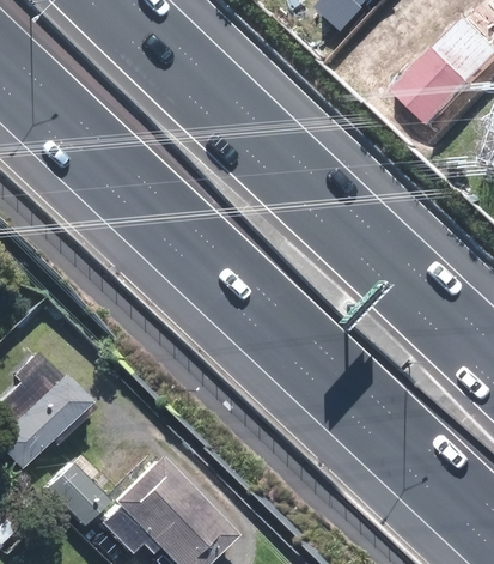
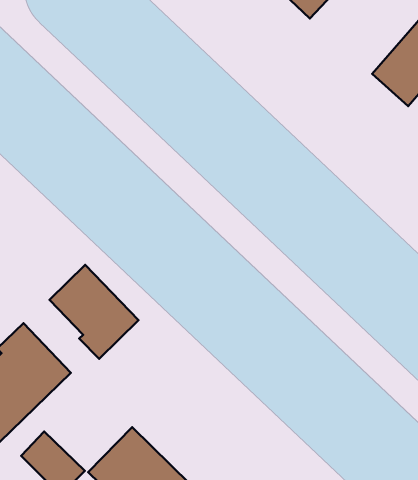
building: none -> [50,265,139,359]

